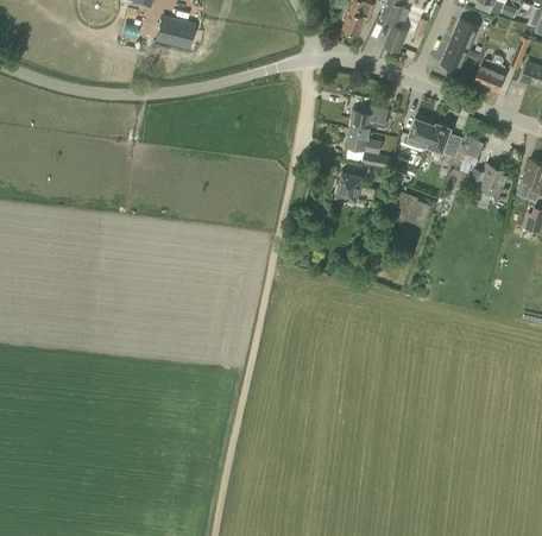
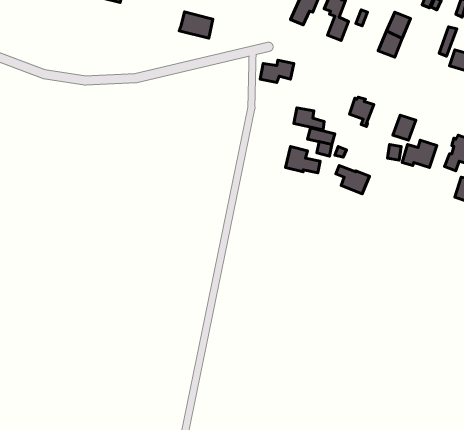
building: [156,18,194,48] -> [179,12,213,38]
building: [473,55,506,93] -> none
building: [349,107,387,132] -> [260,60,294,82]
building: [428,122,460,157] -> none

